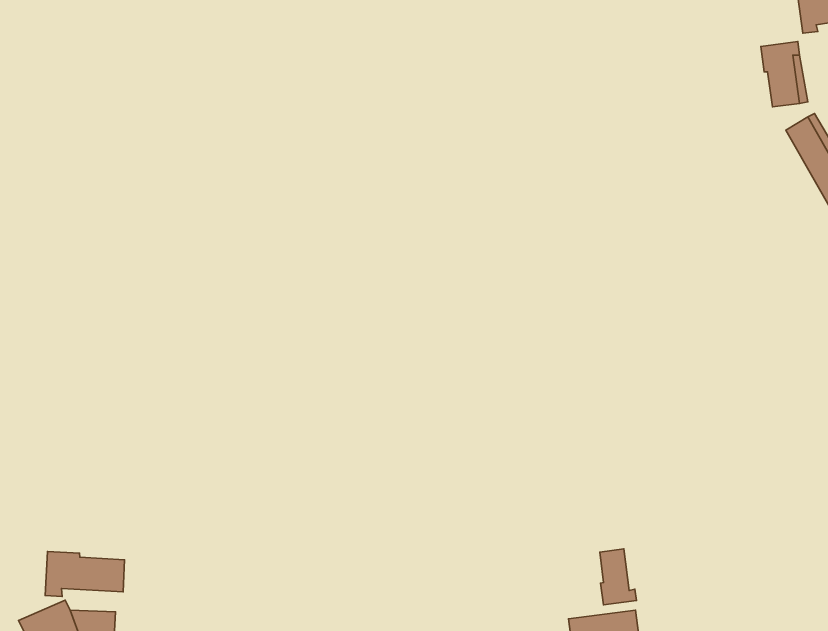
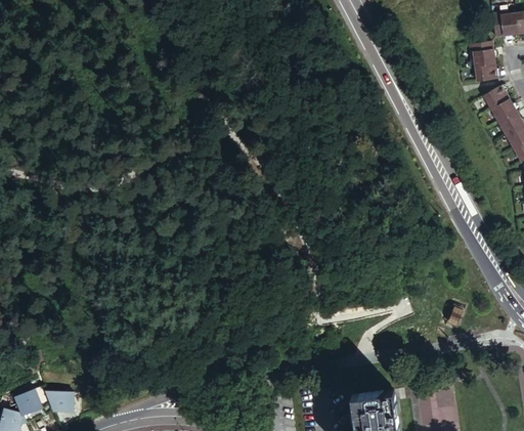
building: [600,549,637,605] -> none
building: [45,551,124,596] -> none

